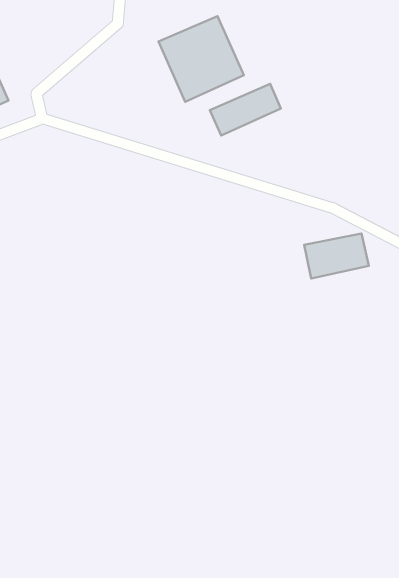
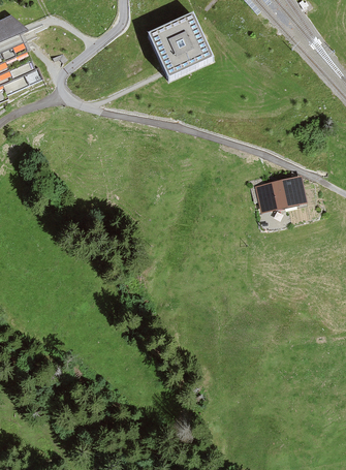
building: [210,84,281,136] -> none

